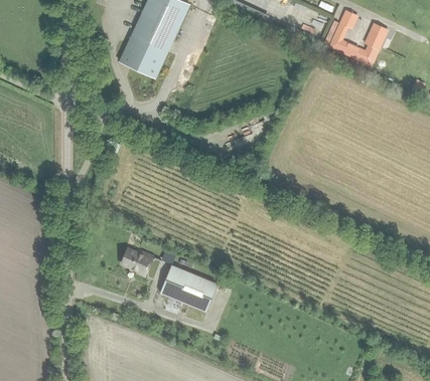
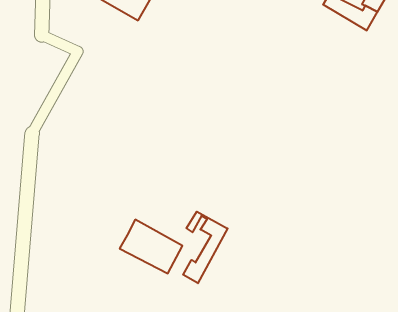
building: [122,248,161,278] -> none
building: none -> [183,212,228,283]

